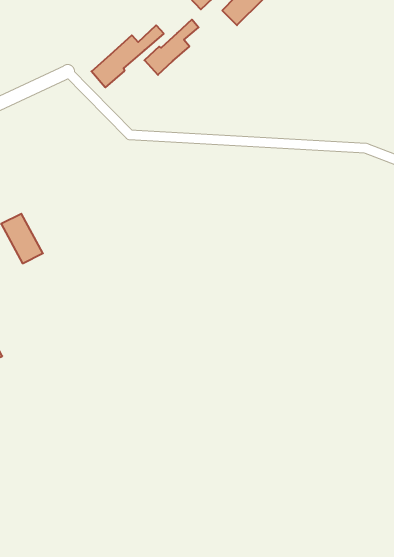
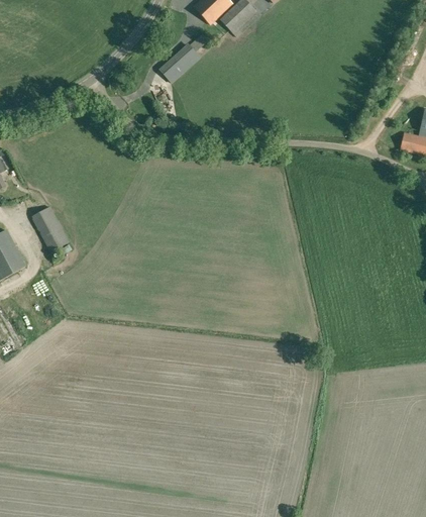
building: [91,25,164,87] -> none

